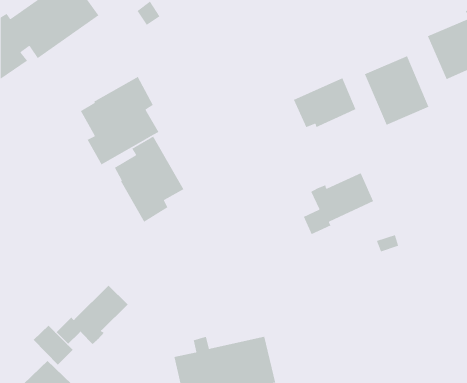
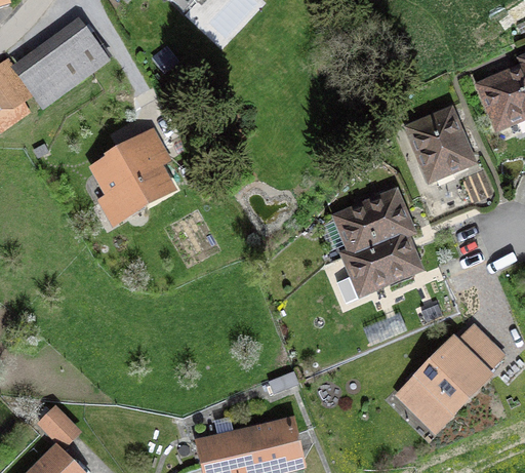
building: [293,77,357,128] -> [337,195,408,251]
building: [114,136,184,223] -> none
building: none -> [395,323,507,434]
building: [56,285,129,345] -> none

